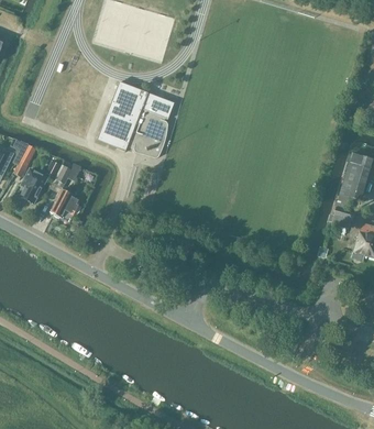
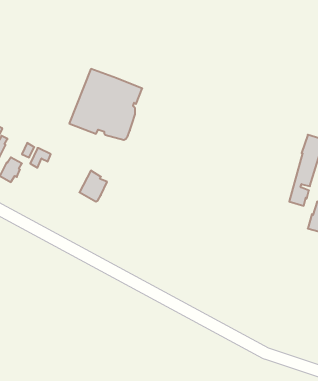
building: [51,188,80,221] -> [79,171,107,201]

